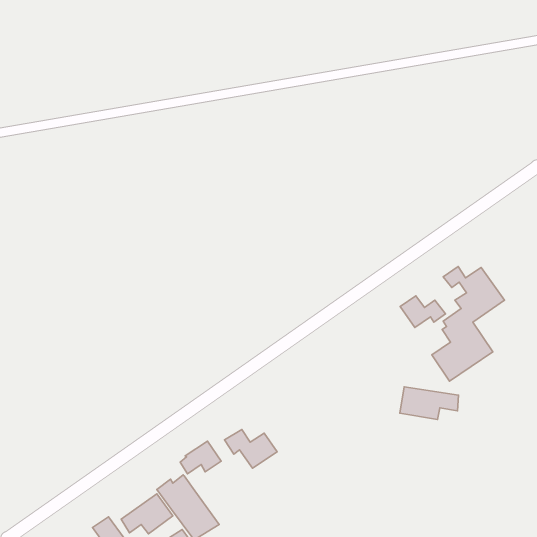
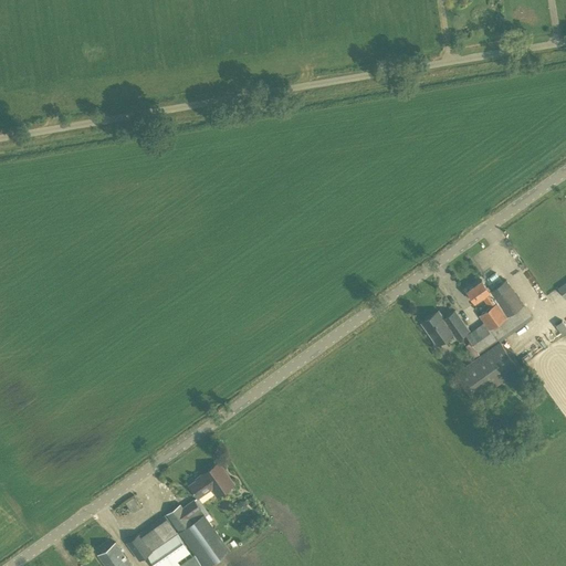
building: [400,387,459,419] -> none
building: [225,429,277,468] -> none

